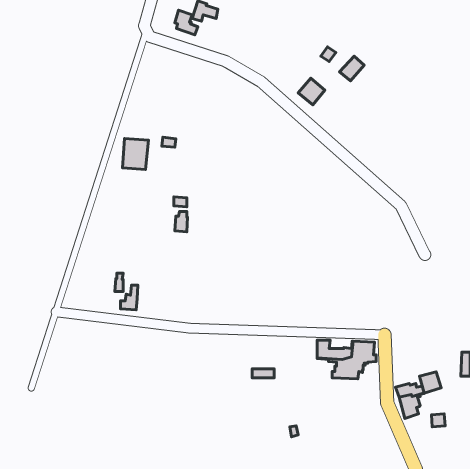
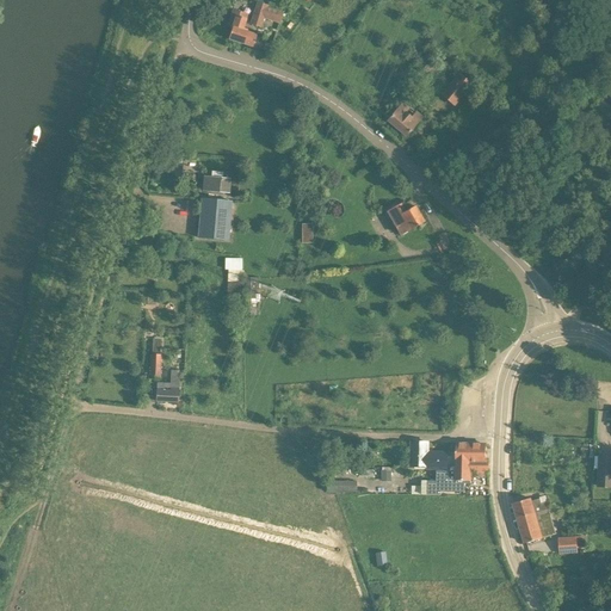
building: [123,138,148,170] -> [198,198,232,239]
building: none -> [389,203,422,233]
building: [420,372,441,393] -> none

